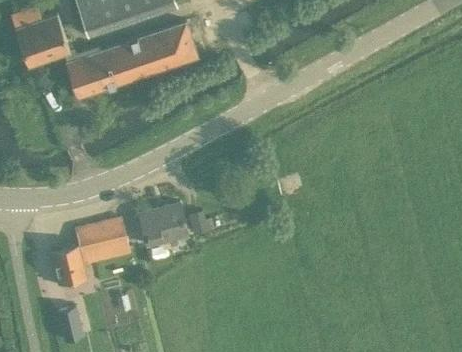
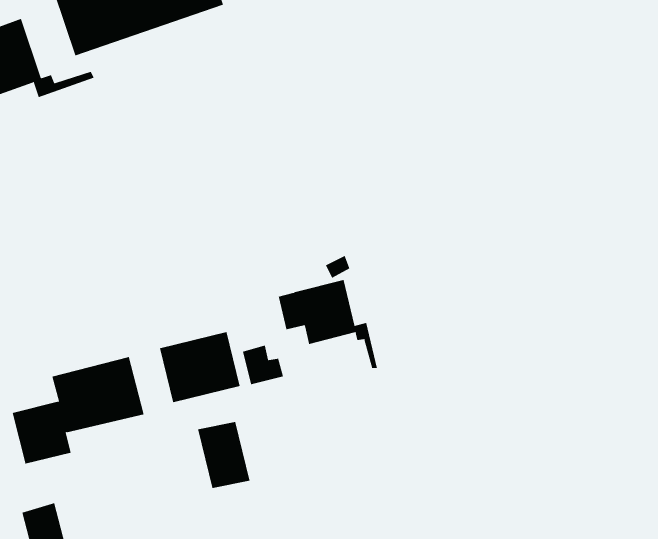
building: [64,21,199,99] -> none
building: none -> [278,279,377,369]
building: none -> [197,421,250,489]

